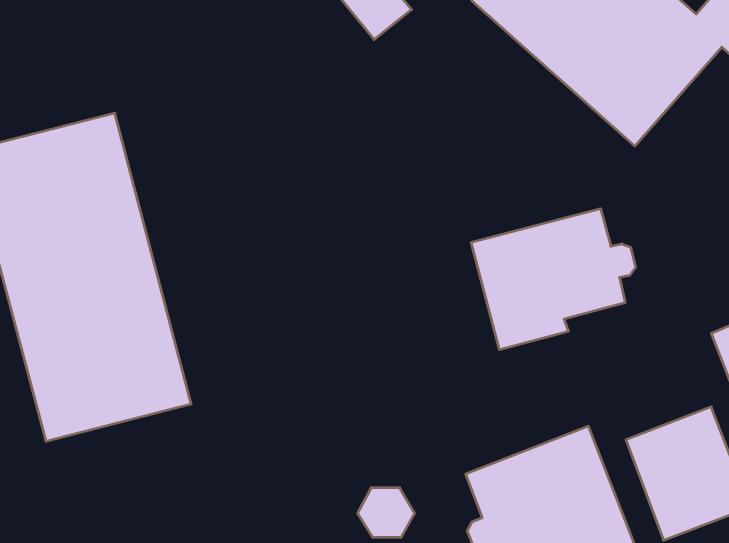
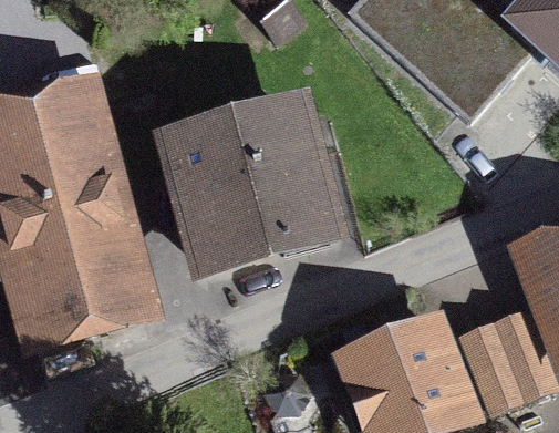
building: none -> [173,113,328,264]
building: [471,209,636,350] -> none

